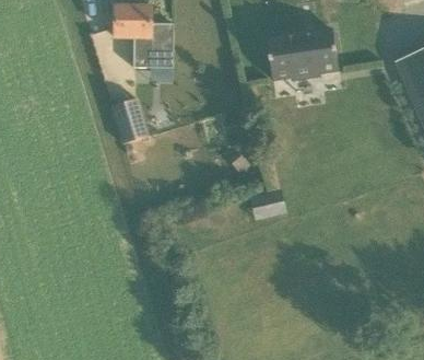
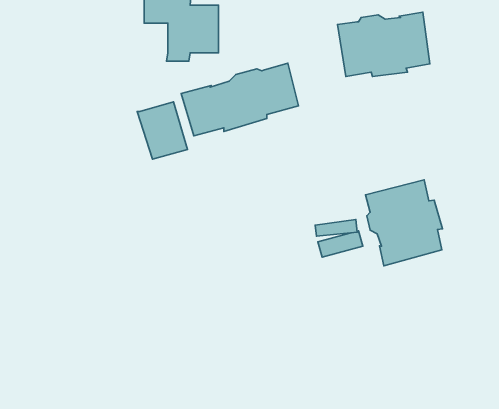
building: none -> [181,63,299,136]
building: none -> [365,180,443,266]

